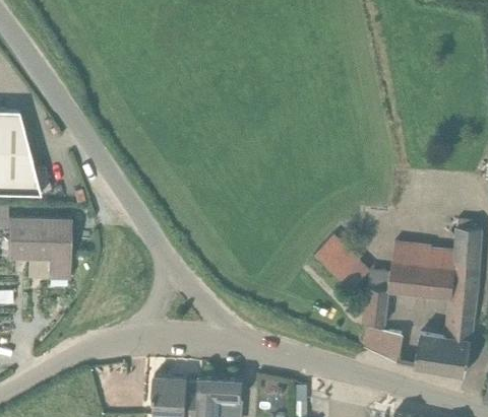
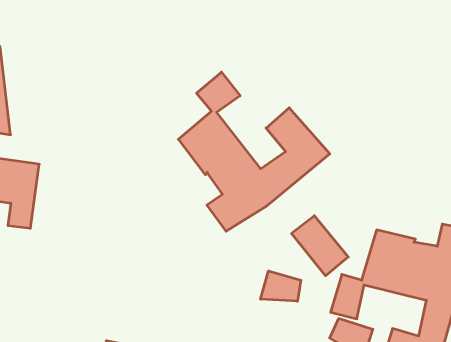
building: none -> [178,72,330,231]
building: none -> [261,271,301,301]

